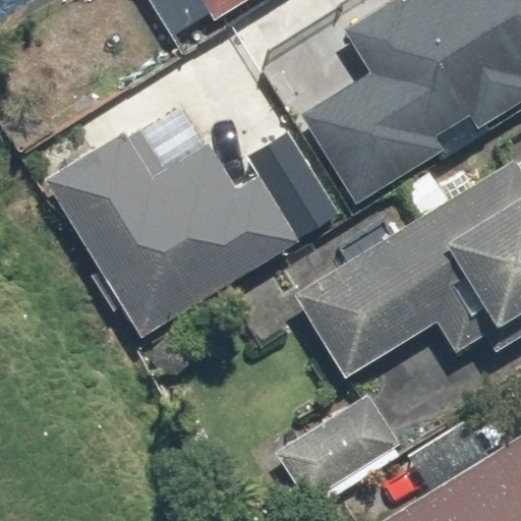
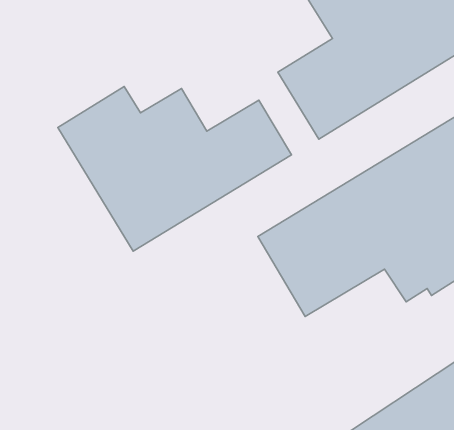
building: [272,401,387,504] -> none

